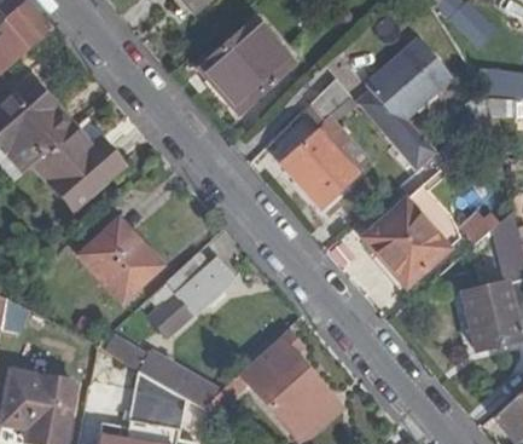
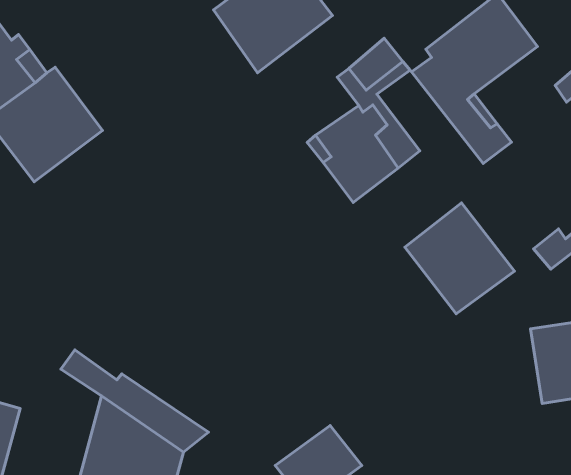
building: [81,220,161,300] -> none
building: [151,252,236,336] -> none
building: [204,339,315,414] -> none

